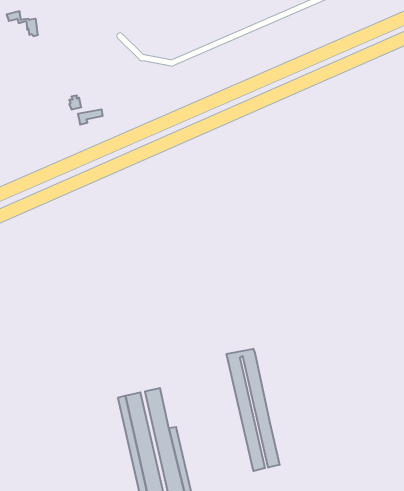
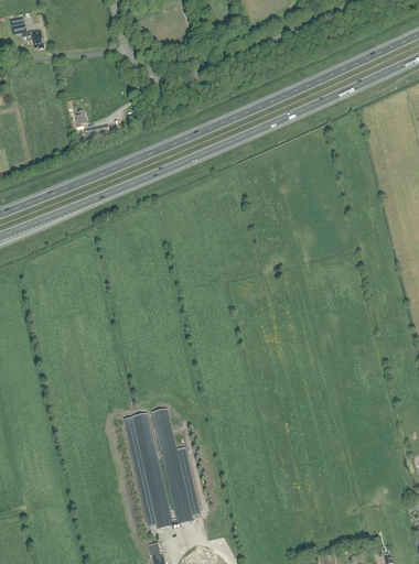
building: [227,349,280,471] -> none

